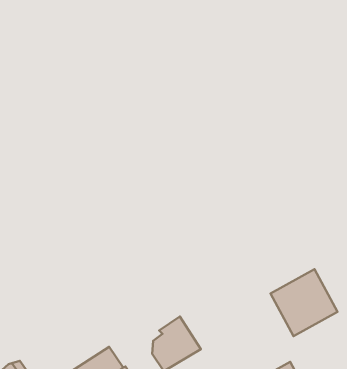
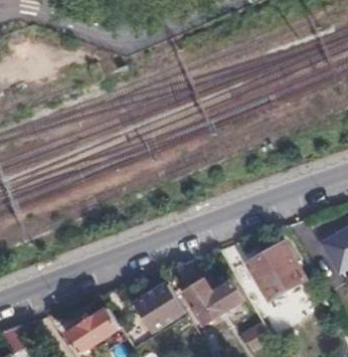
building: none -> [184,282,240,324]

